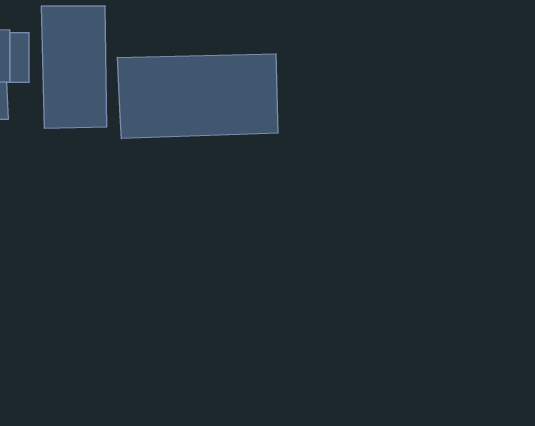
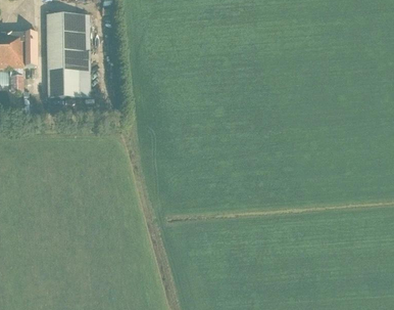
building: [117,54,278,139] -> none

